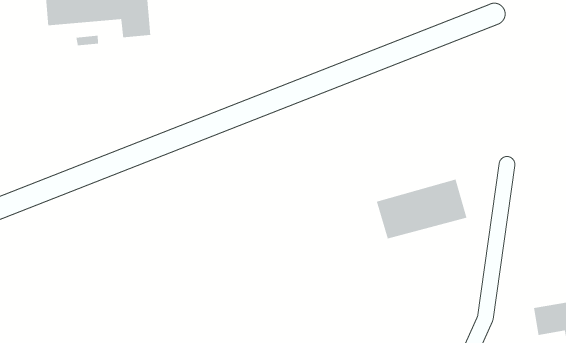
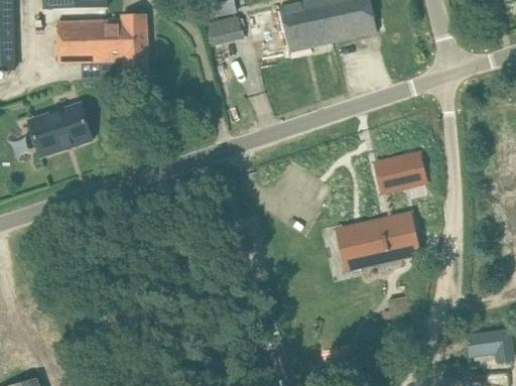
building: none -> [27,104,90,155]
building: none -> [375,155,423,187]

